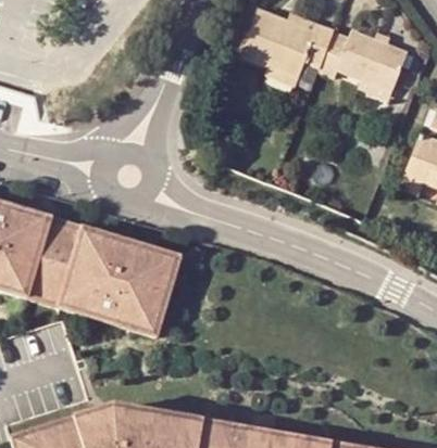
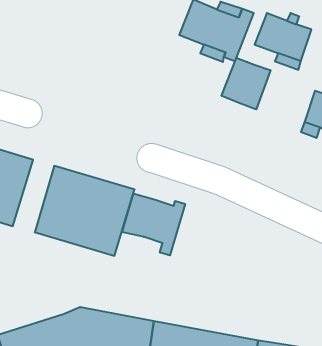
building: none -> [222,58,270,109]
building: [33,216,84,306] -> none
building: none -> [122,193,185,255]

